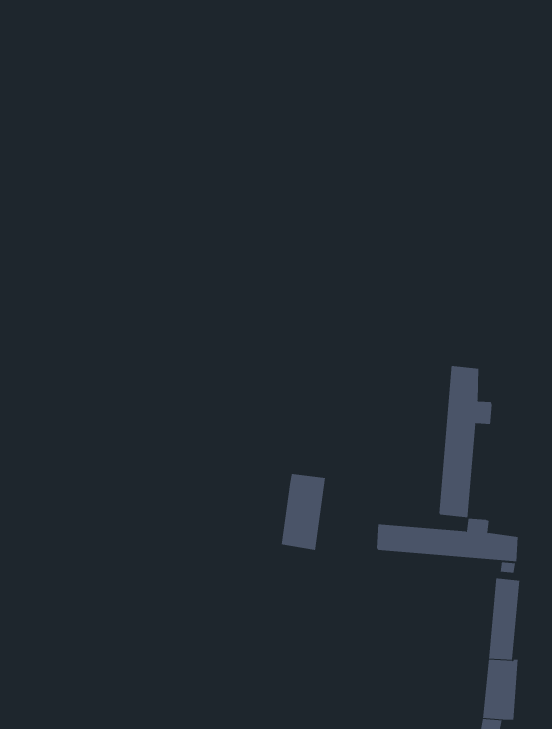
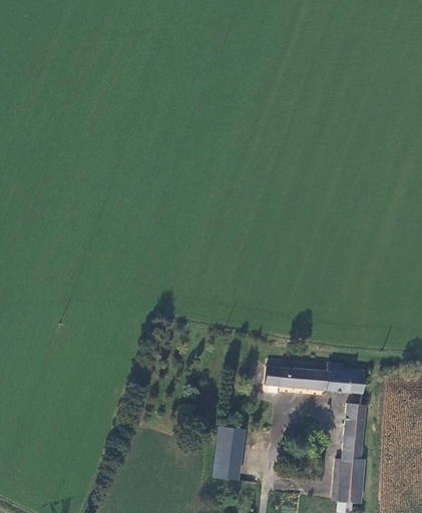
building: [439,365,492,518] -> none
building: [281,473,326,550] -> [213,427,244,480]

